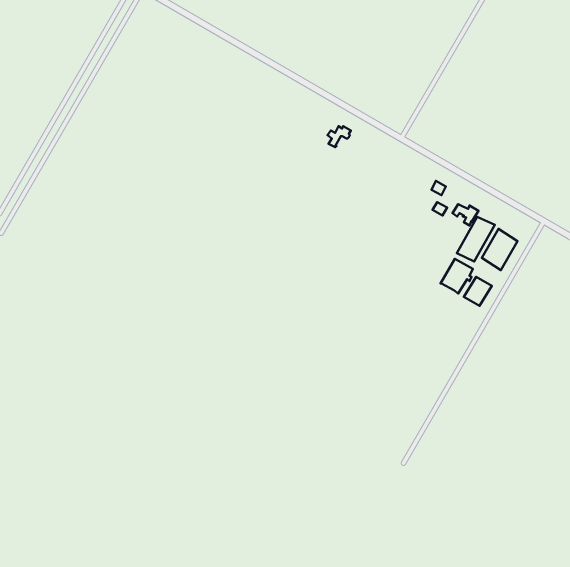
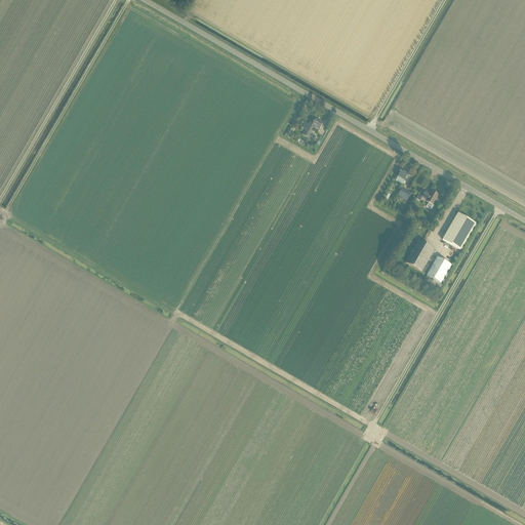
building: [457,217,495,261] -> none

